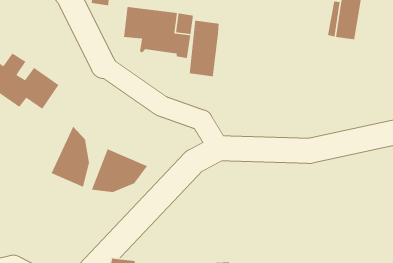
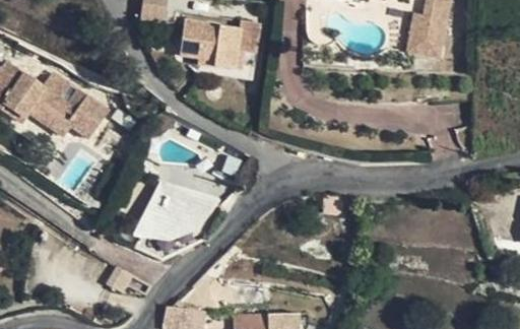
building: [189,20,219,77] -> none
building: [50,126,90,188] -> none

